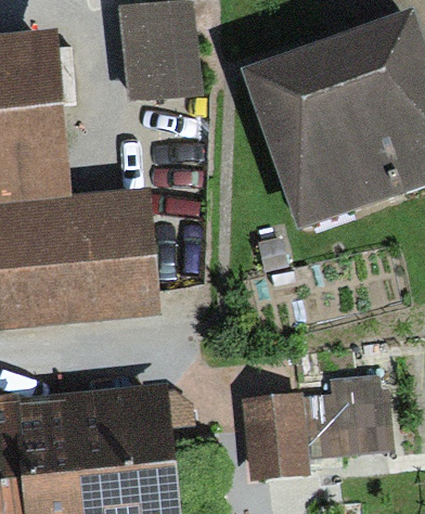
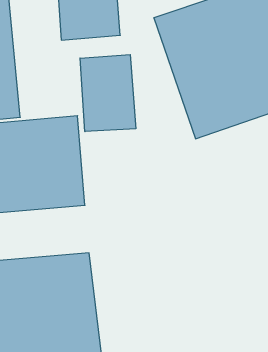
building: none -> [80,55,136,132]
building: [247,374,391,480] -> none

